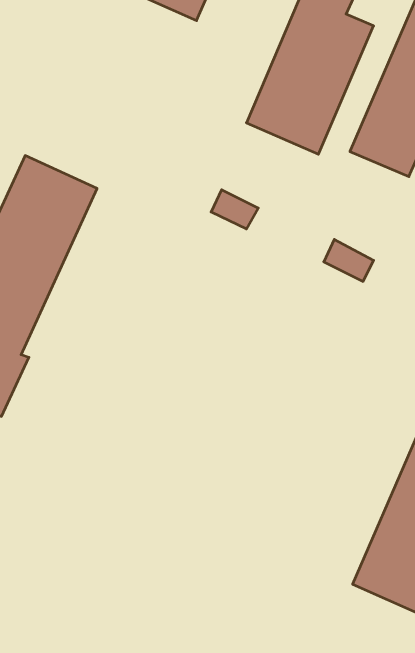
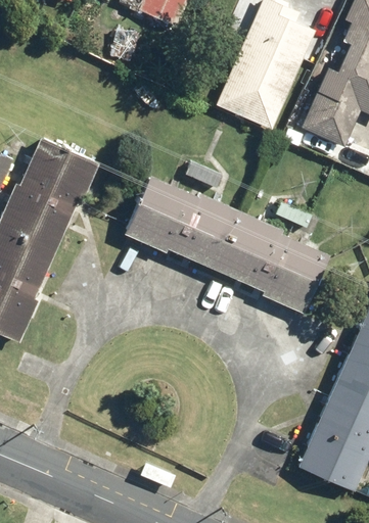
building: none -> [120,176,329,318]

